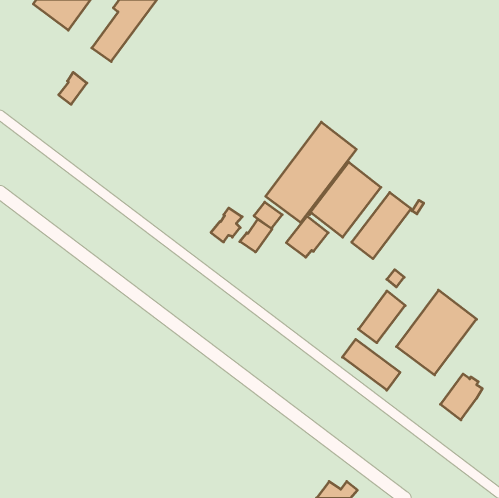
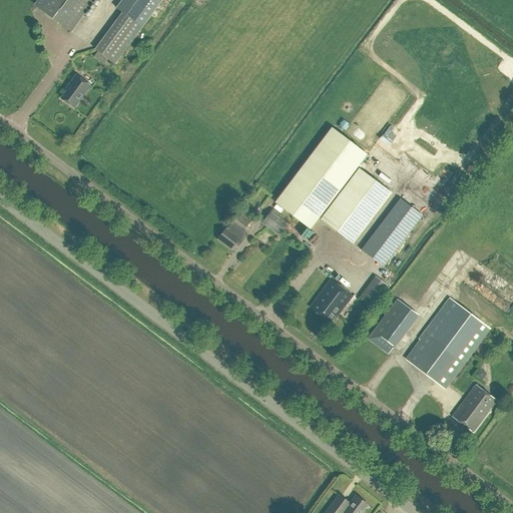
building: [286,216,328,257] -> [309,279,352,321]
building: [240,219,272,252] -> none
building: [342,339,400,390] -> none

